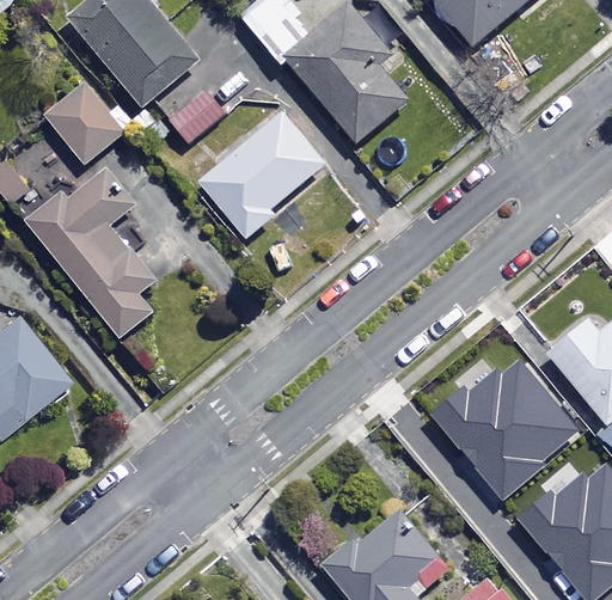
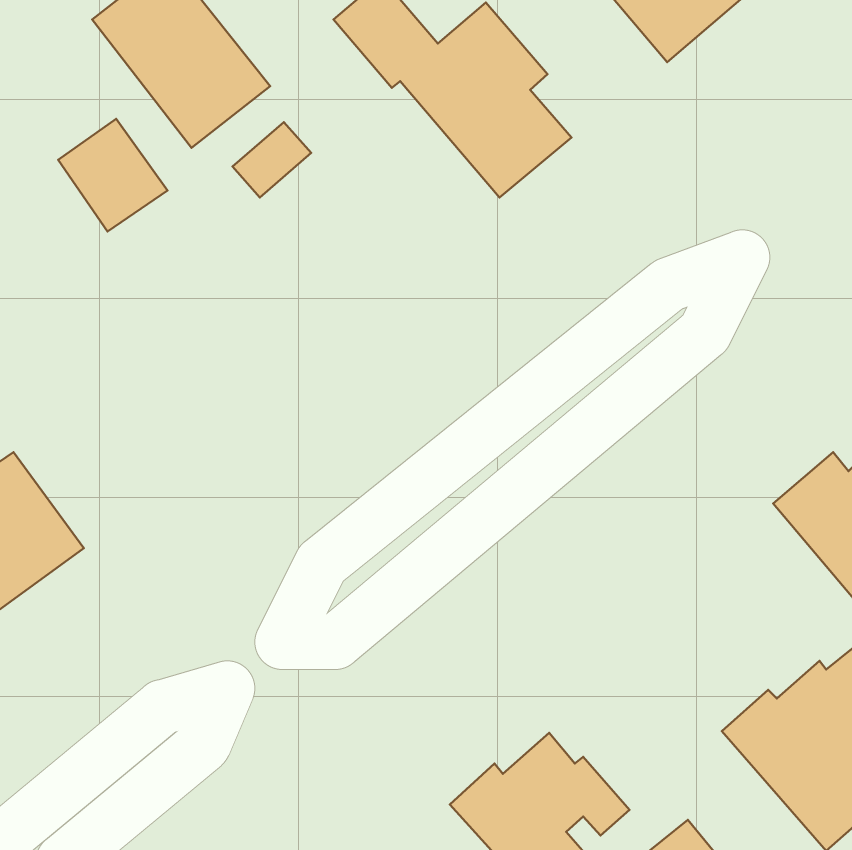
building: [201,115,323,238] -> none
building: [32,170,153,337] -> none
building: [426,351,577,496] -> none

